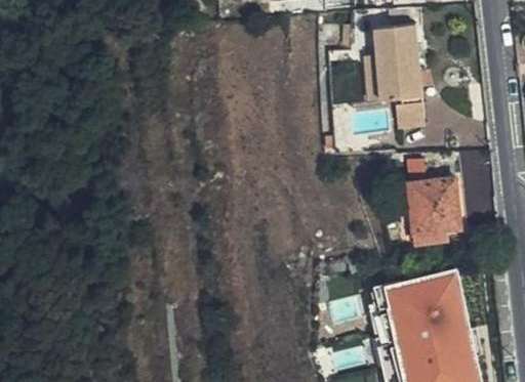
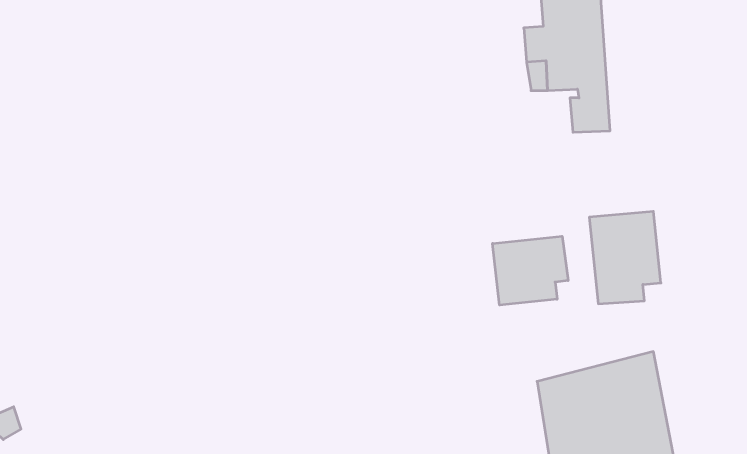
building: none -> [493,236,568,305]

